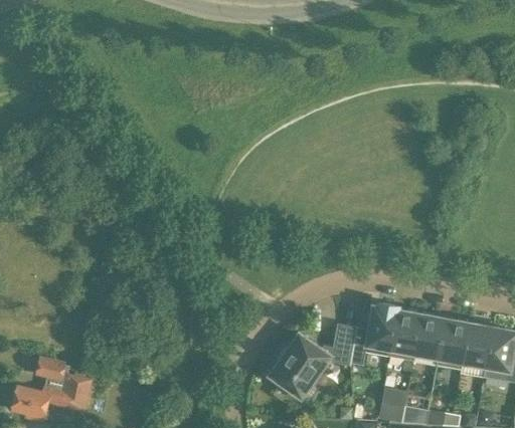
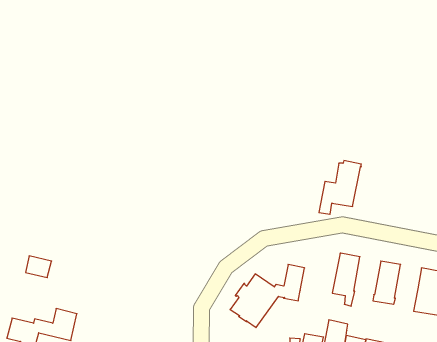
building: [350,302,399,365] -> [319,161,361,214]
building: [414,313,446,358] -> none
building: [462,323,493,367] -> none
building: [36,356,66,381] -> [26,256,52,278]

